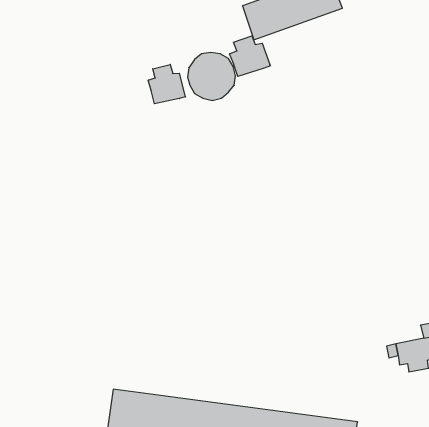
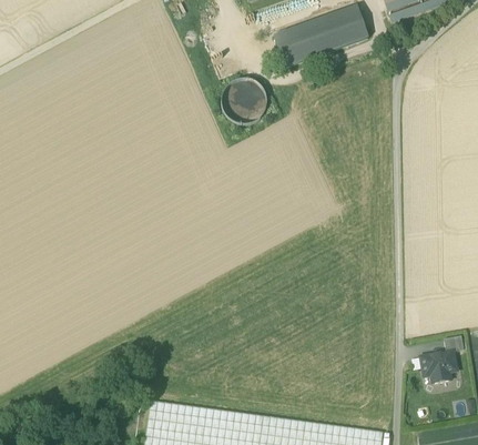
building: [230,36,270,76] -> none
building: [148,64,185,104] -> none

